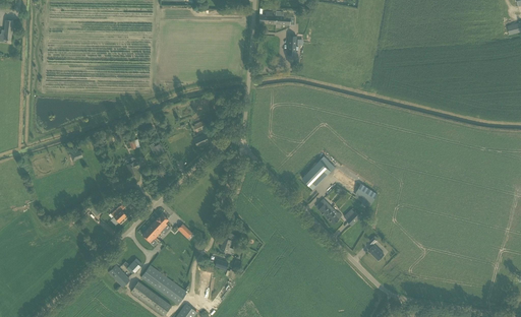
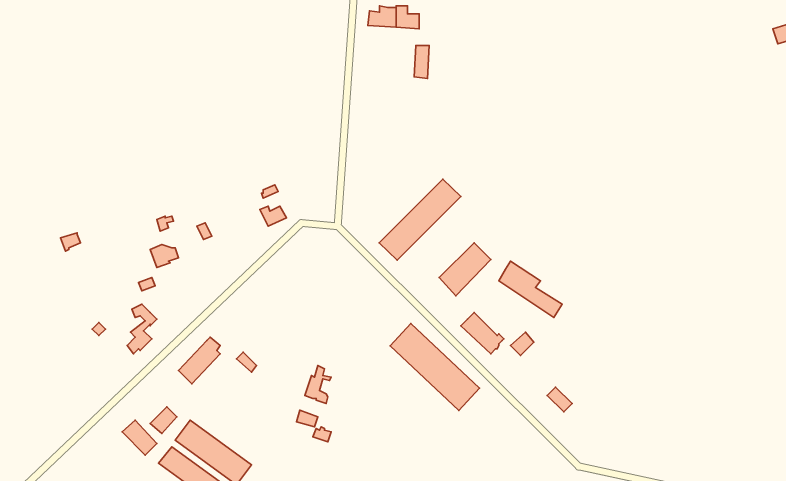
building: none -> [379,179,461,260]
building: none -> [390,323,480,411]

